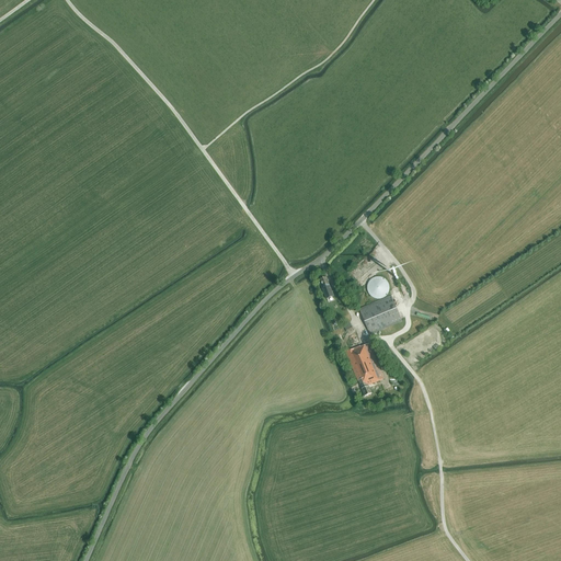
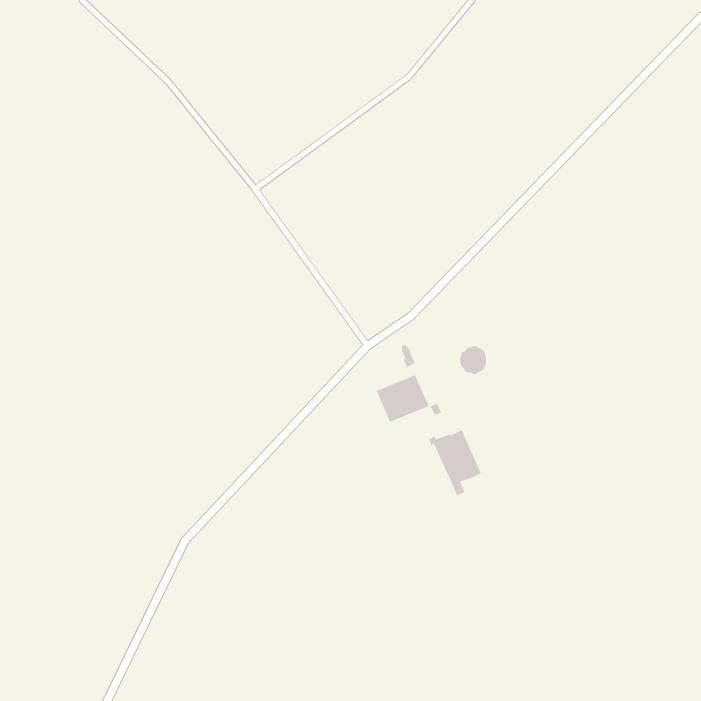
building: [359,296,402,334] -> [376,375,429,423]

